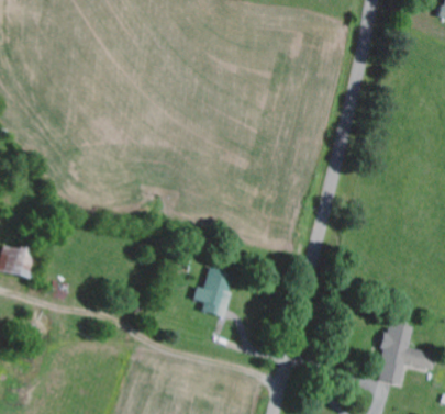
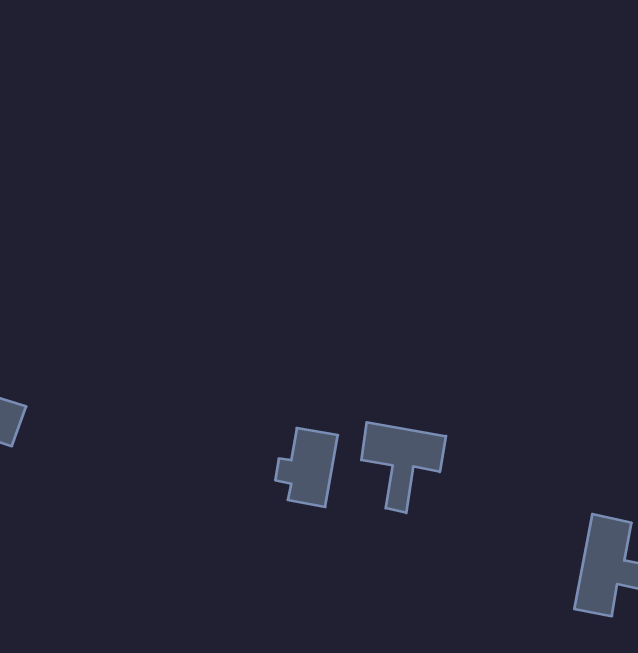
building: none -> [361,422,446,513]

